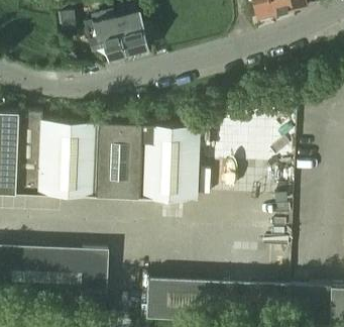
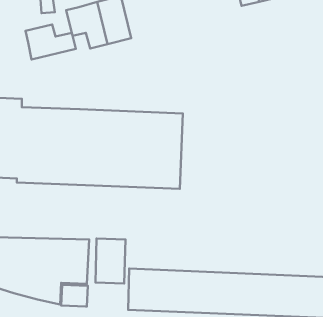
building: none -> [25,24,76,60]
building: none -> [95,238,125,284]

